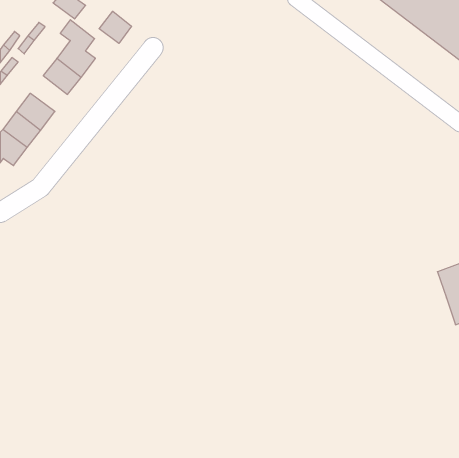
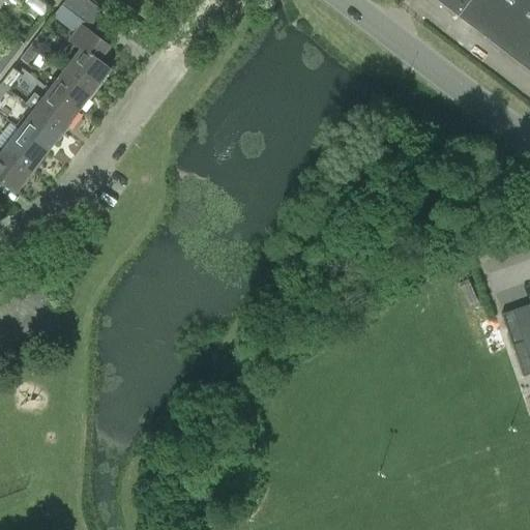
building: [99,11,132,43] -> none
building: none -> [27,87,79,128]

